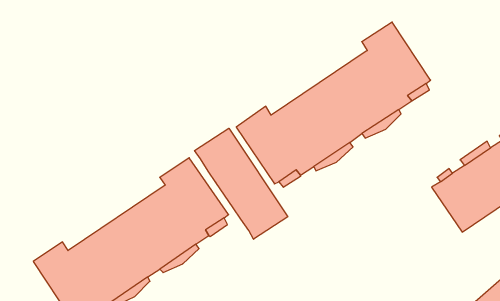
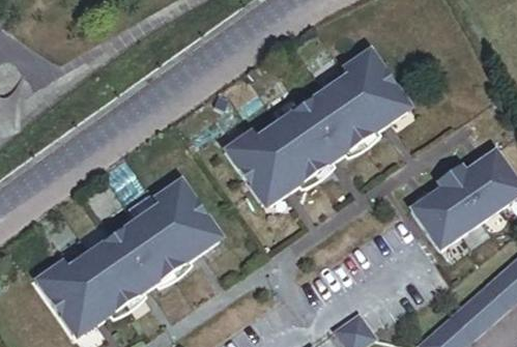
building: [195,128,288,239] -> none

